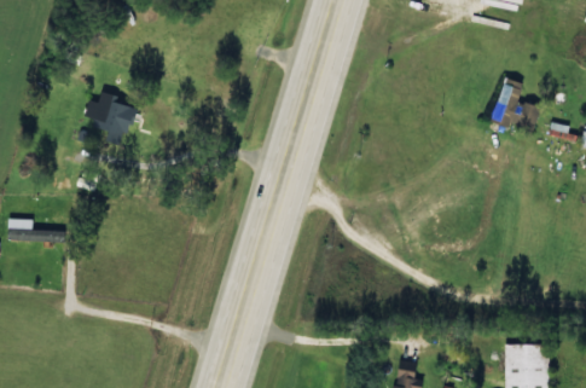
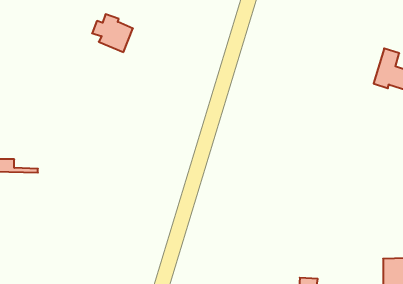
building: [85,92,137,140] -> [92,14,133,52]

